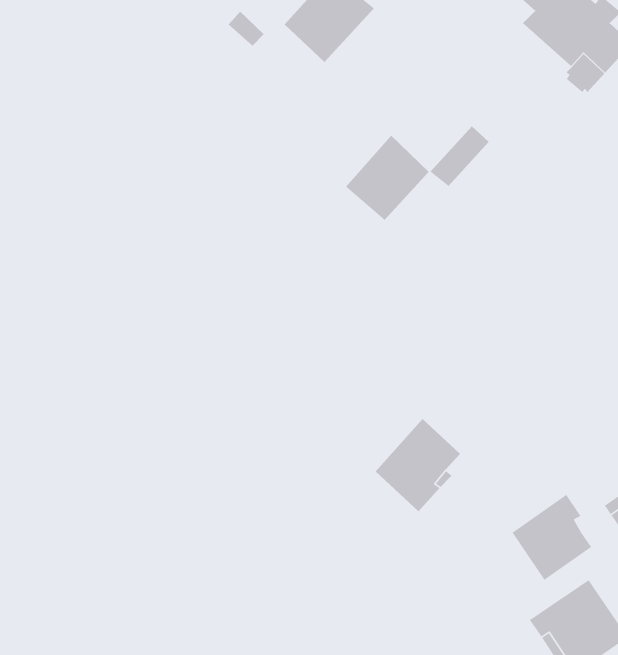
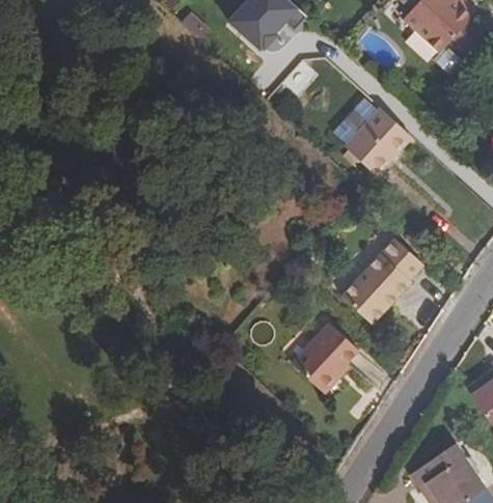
building: [345,135,429,221] -> [348,108,412,173]
building: none -> [341,237,422,324]
building: [511,494,592,581] -> none

